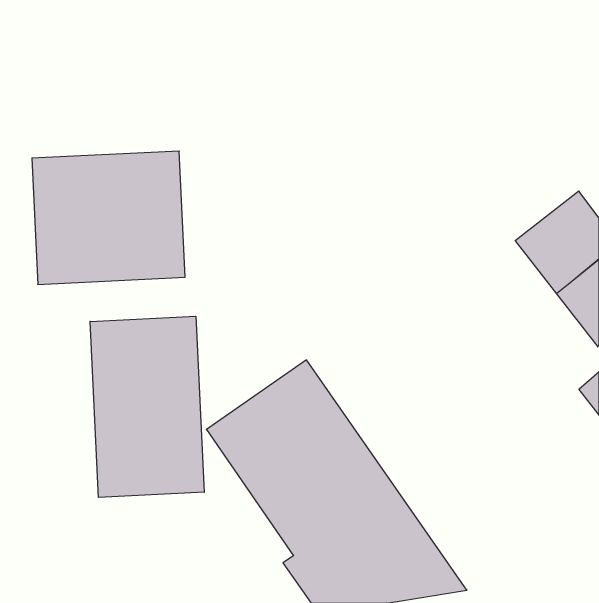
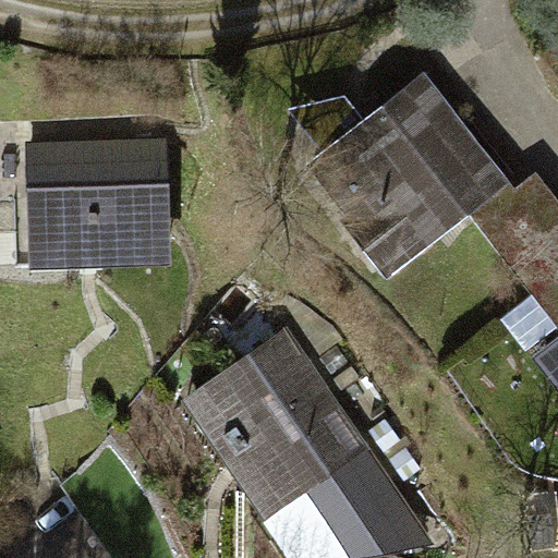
building: none -> [289,73,510,277]
building: [90,316,204,497] -> none

